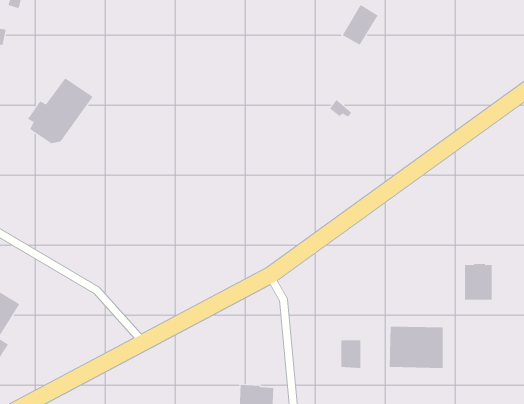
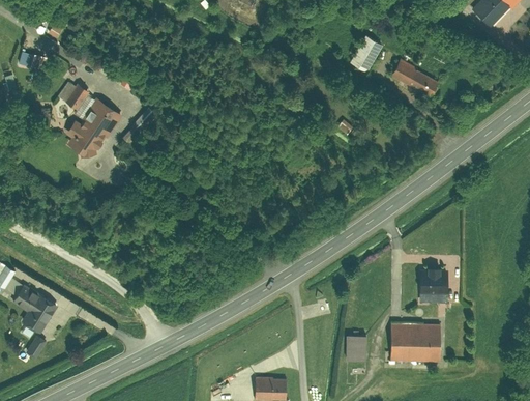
building: none -> [391,61,438,96]
building: none -> [58,81,86,111]
building: [464,263,493,300] -> [420,270,446,304]

